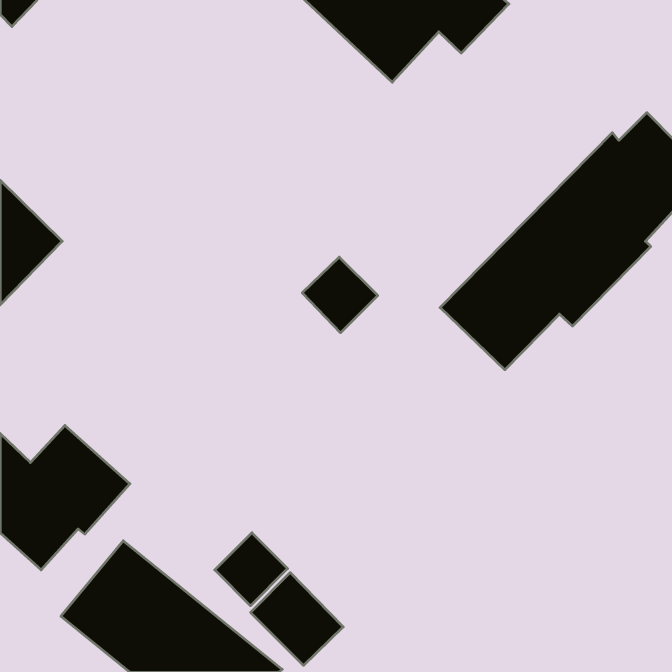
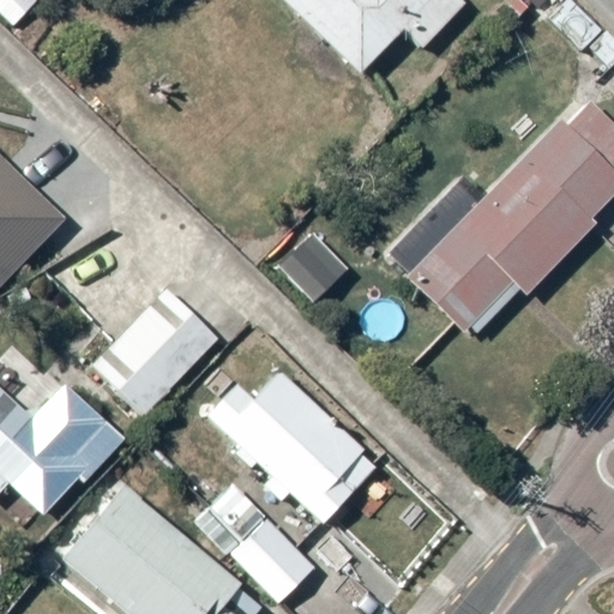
building: none -> [92,289,221,419]
building: none -> [206,371,375,525]

